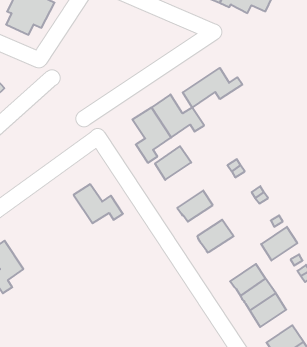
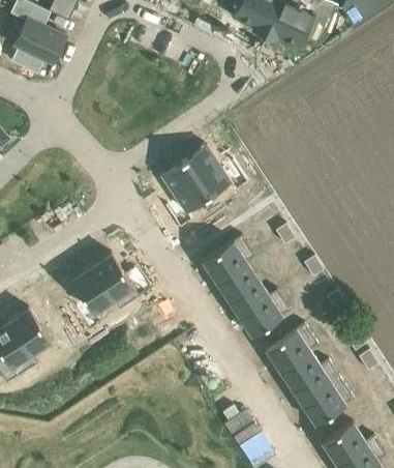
building: [183,68,242,107] -> none
building: [155,146,191,180] -> [202,240,245,281]
building: none -> [71,265,113,328]
building: none -> [226,277,268,315]
building: [261,227,297,261] -> [265,328,308,369]
building: none -> [7,308,66,354]

